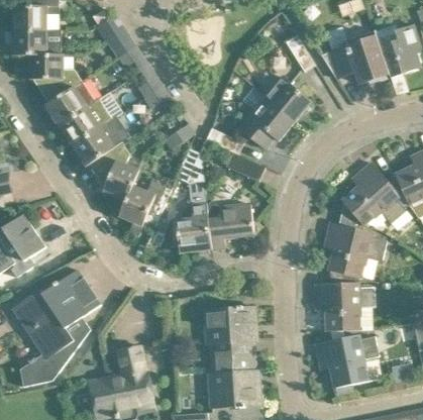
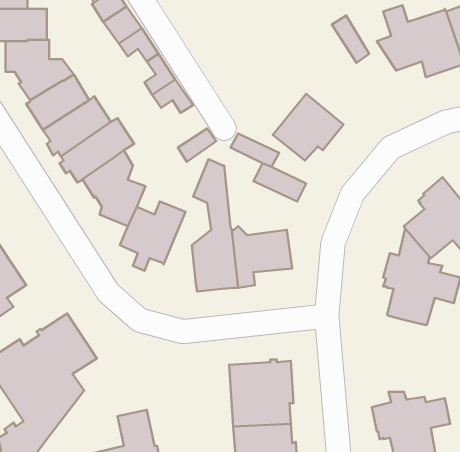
building: [266,77,311,121] -> none
building: [316,272,376,331] -> none

